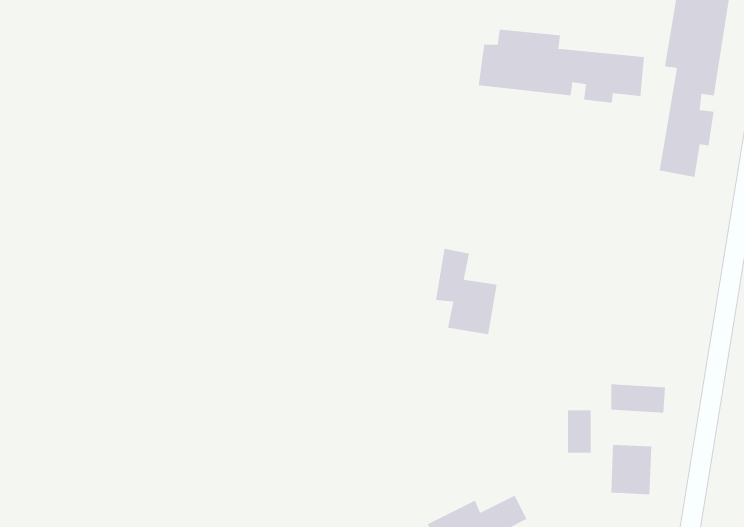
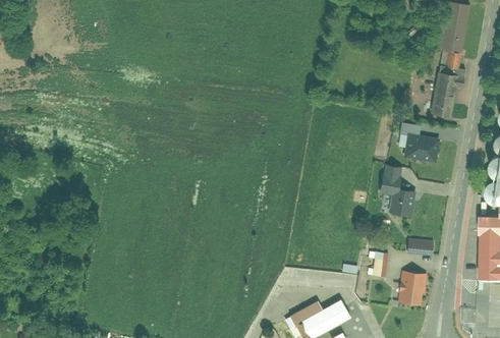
building: [478,29,645,104] -> none
building: none -> [401,124,443,165]
building: [435,248,497,335] -> [383,170,420,221]

